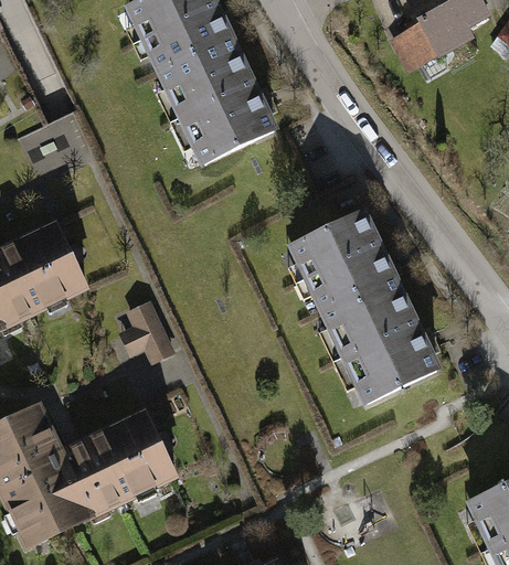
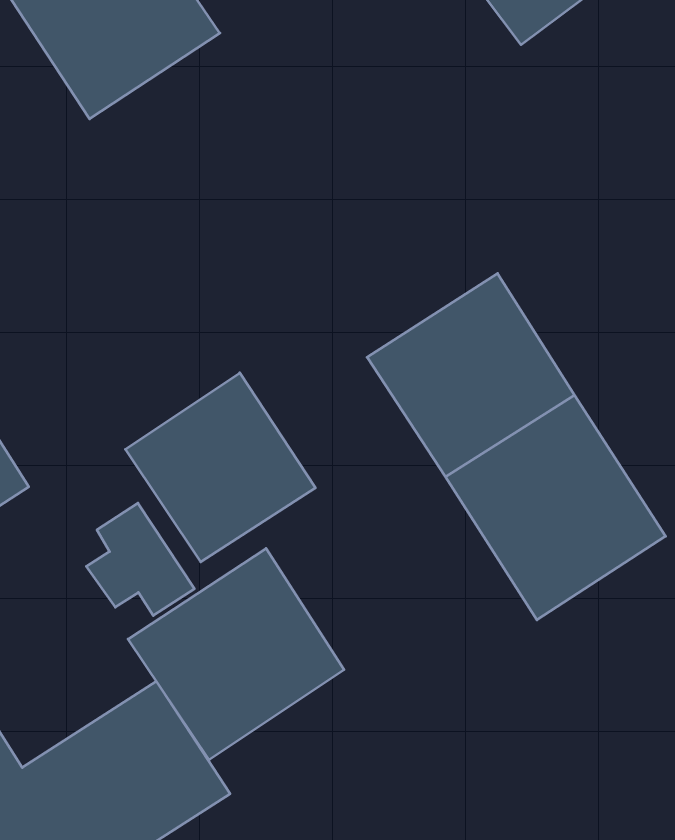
building: [151,44,274,171] -> none
building: none -> [125,373,315,562]
building: none -> [128,548,344,760]

